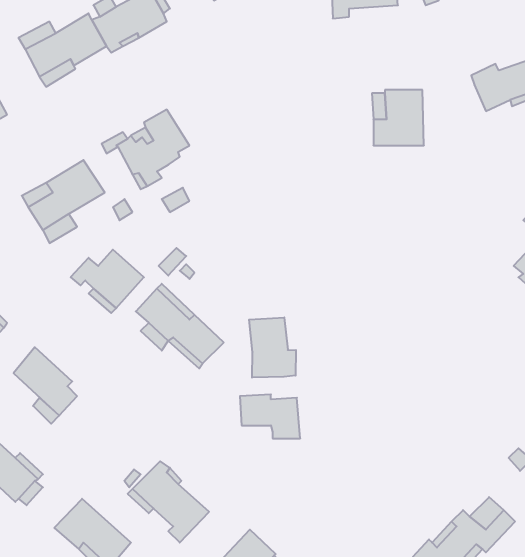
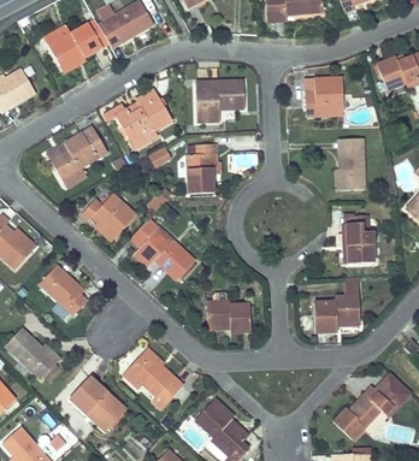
building: none -> [196,81,244,120]
building: none -> [340,137,366,189]
building: none -> [188,143,217,194]
building: none -> [343,221,376,264]
building: [249,317,296,378] -> none
building: none -> [314,290,360,332]

